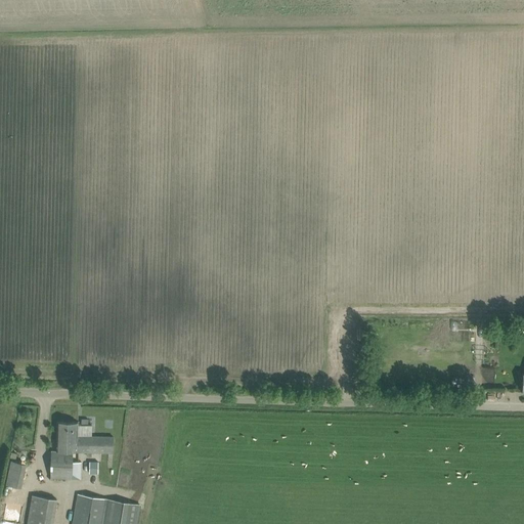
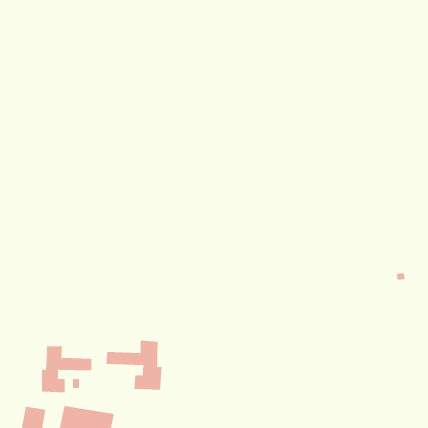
building: none -> [106,340,162,390]
building: [5,461,26,488] -> none

